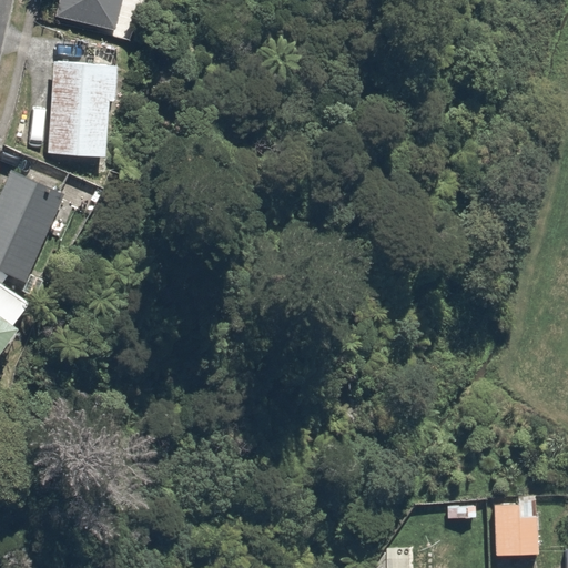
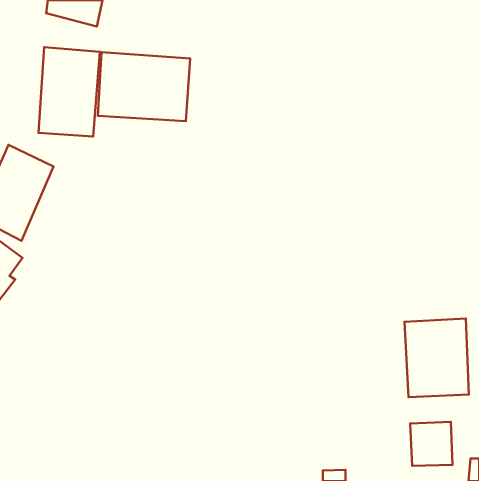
building: none -> [98,52,190,121]
building: none -> [404,318,469,397]

